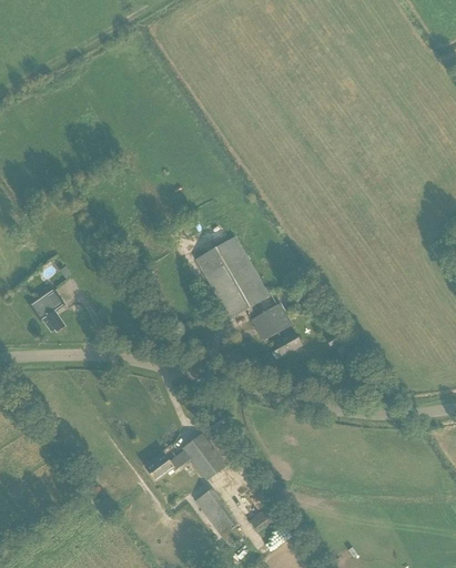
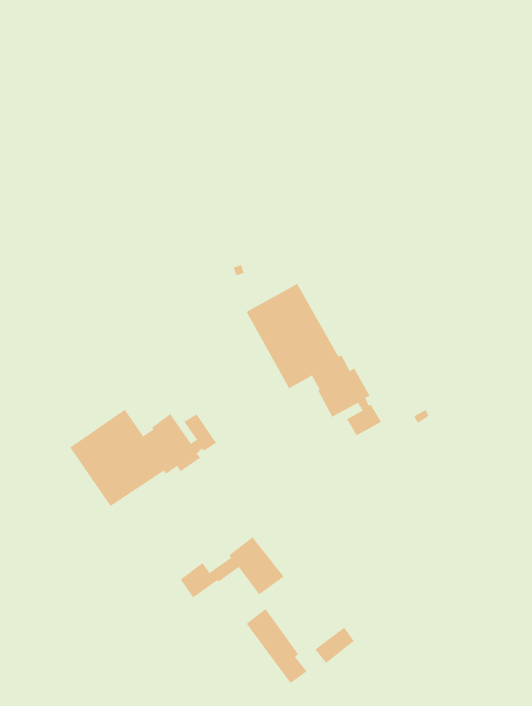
building: [29,286,65,331] -> none
building: none -> [70,409,217,507]

